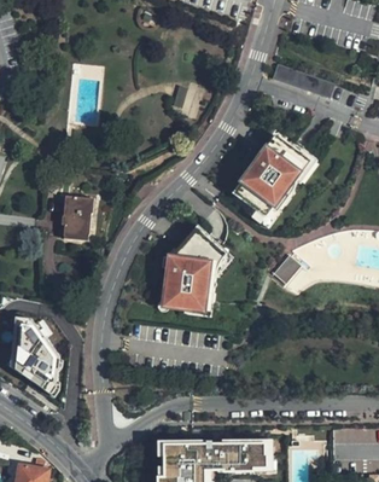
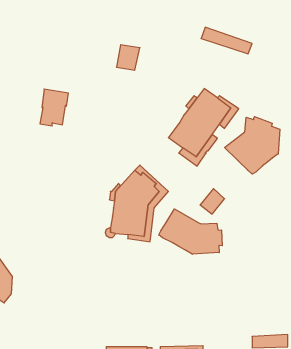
building: none -> [225,117,280,174]
building: [59,192,93,236] -> [40,89,68,126]
building: none -> [159,209,222,254]

